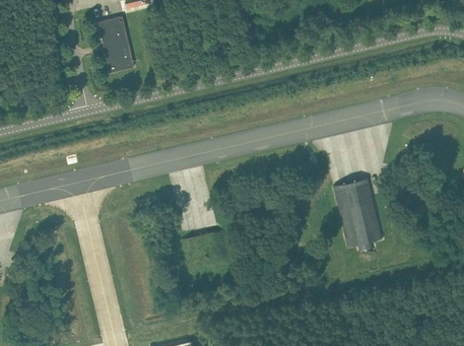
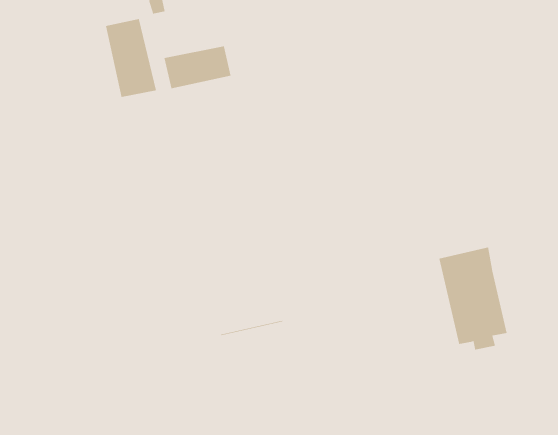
building: none -> [164,45,231,89]

